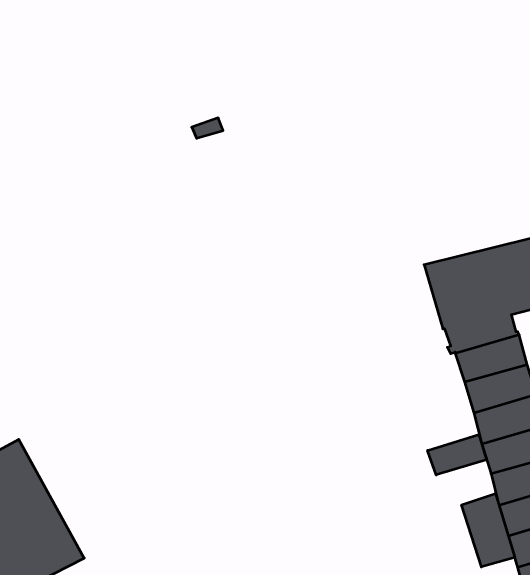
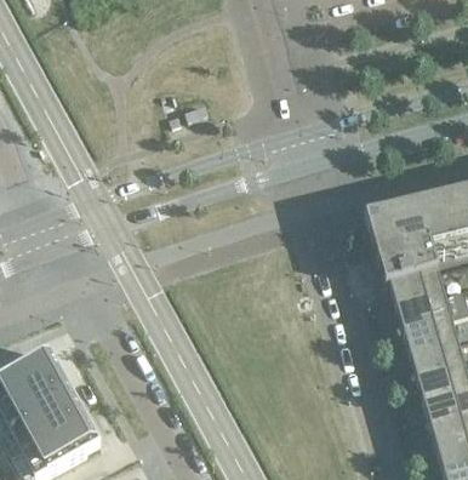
building: [428,435,486,475] -> none
building: [462,493,515,567] -> none

